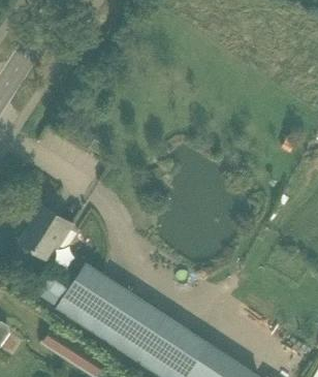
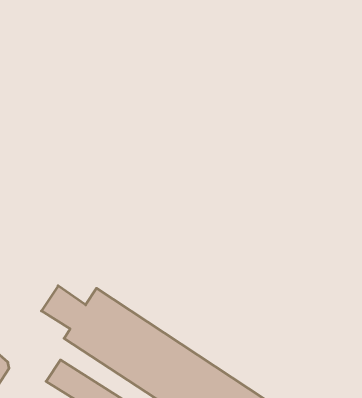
building: [20,207,71,257] -> none

